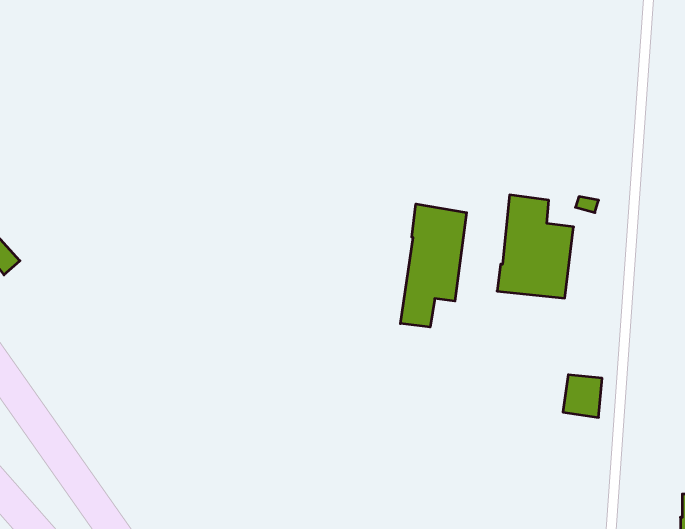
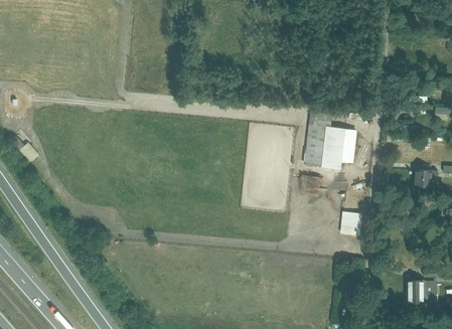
building: [400,204,467,327] -> none

